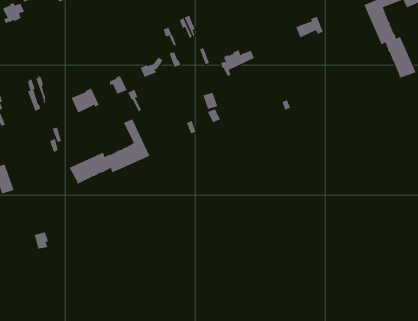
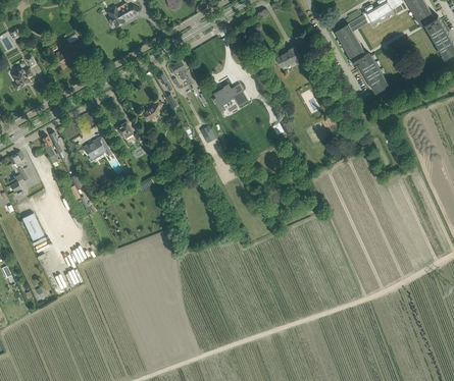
building: [69,119,150,184] -> none

